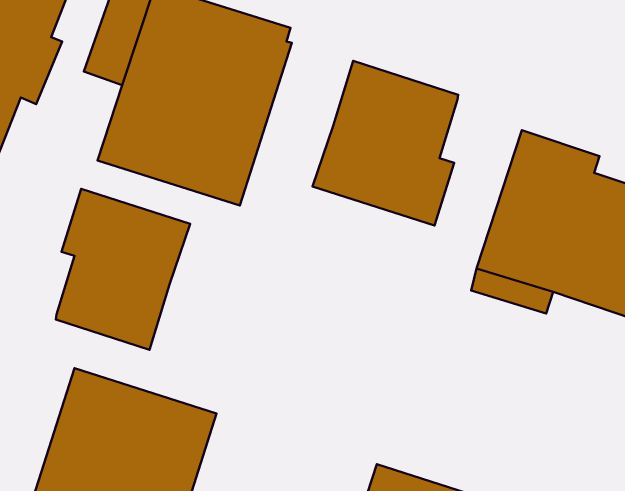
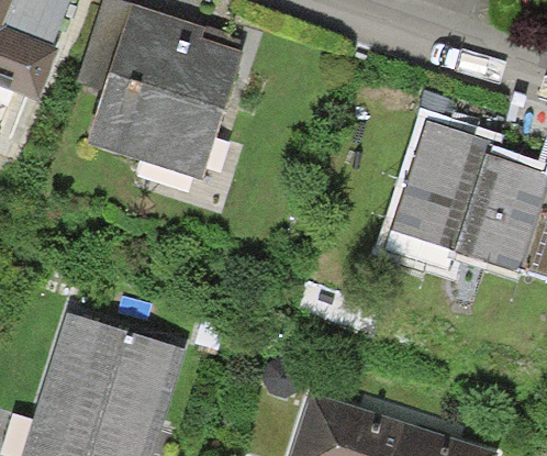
building: [312,61,458,226] -> none
building: [56,189,190,350] -> none

